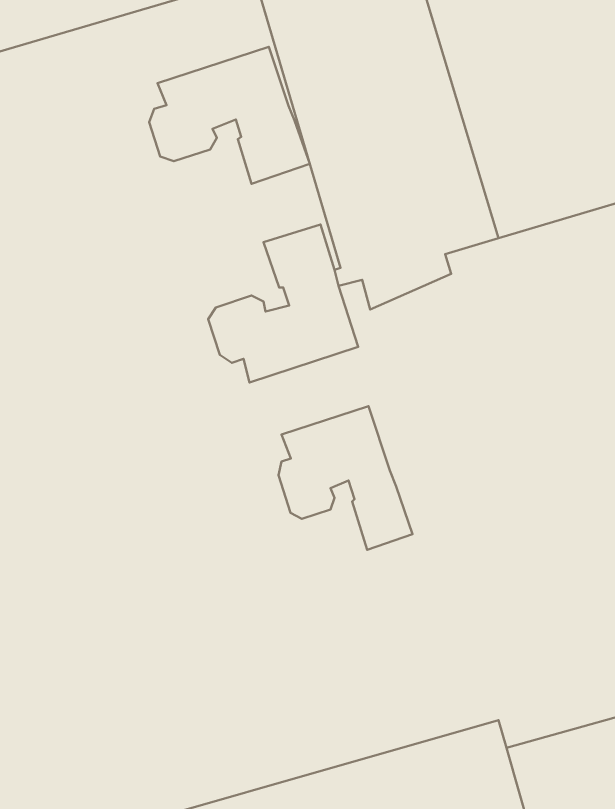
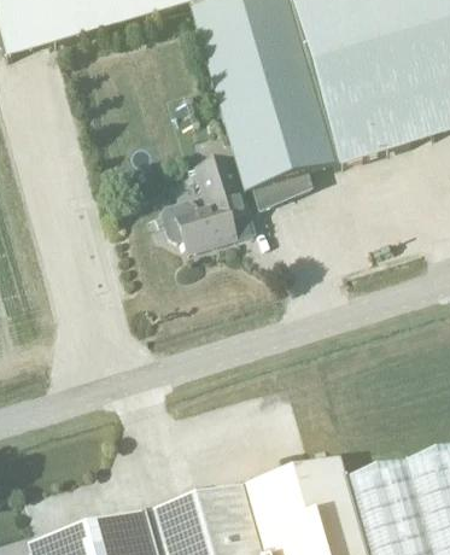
building: [149,47,310,184] -> none
building: [278,406,412,550] -> none

